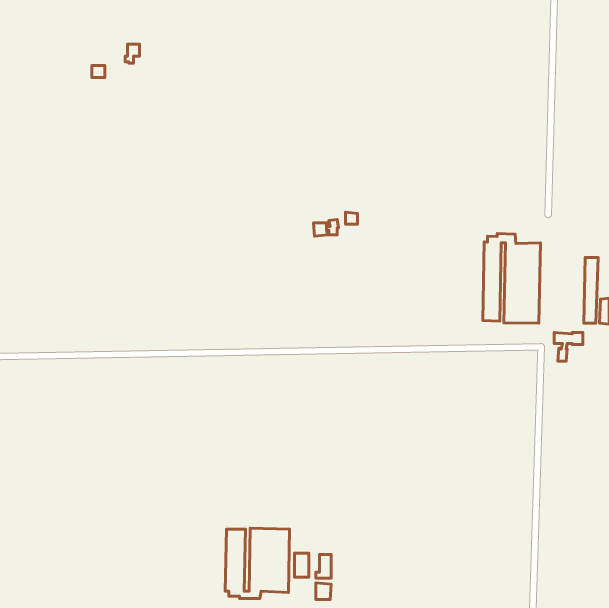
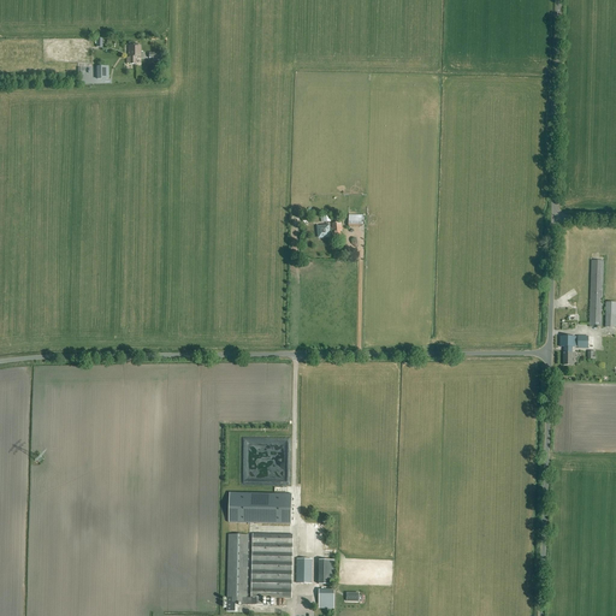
building: [483,233,540,323] -> none
building: none -> [229,492,288,522]

